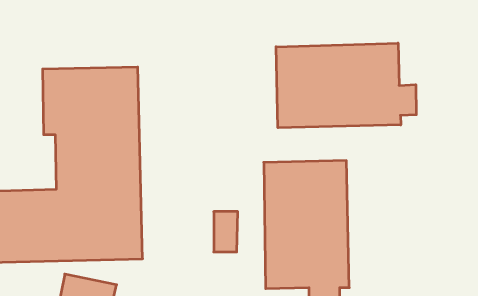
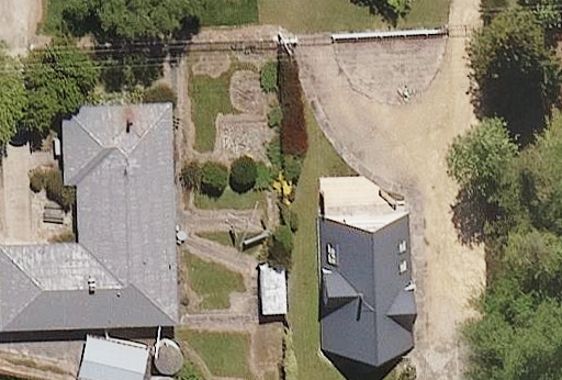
building: [276,43,416,128] -> none

